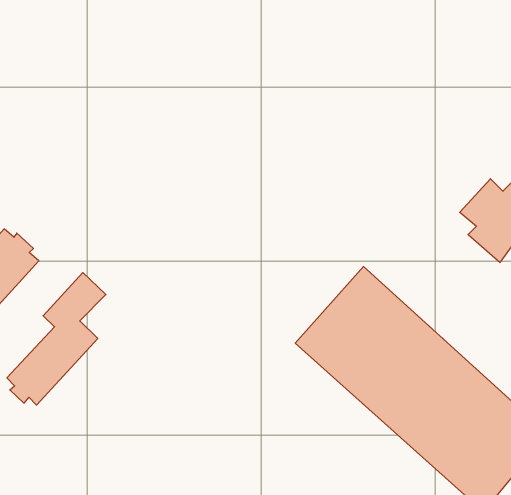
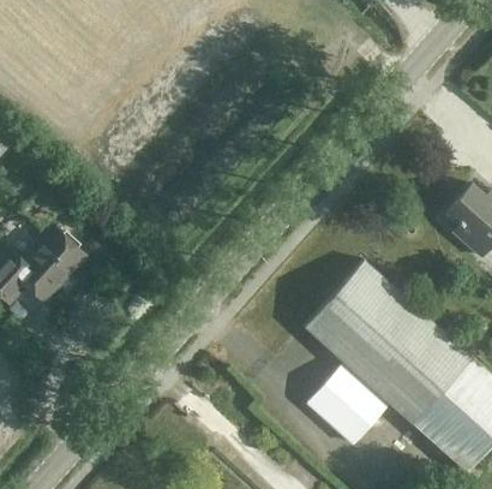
building: [7,273,106,405] -> none
building: none -> [308,366,388,446]

